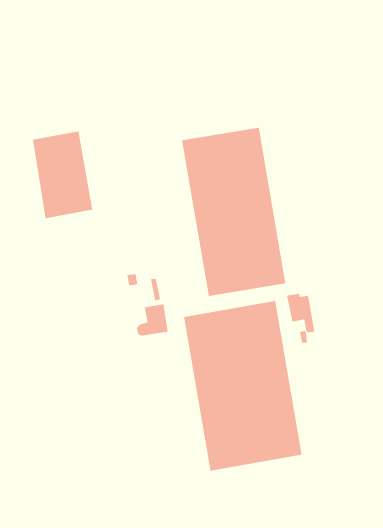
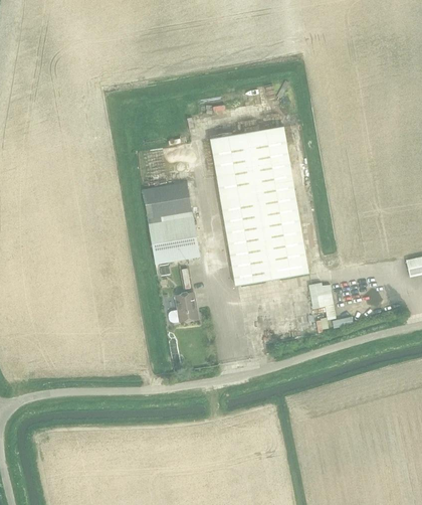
building: [32,131,93,219] -> [143,182,200,265]
building: [184,300,302,471] -> none

